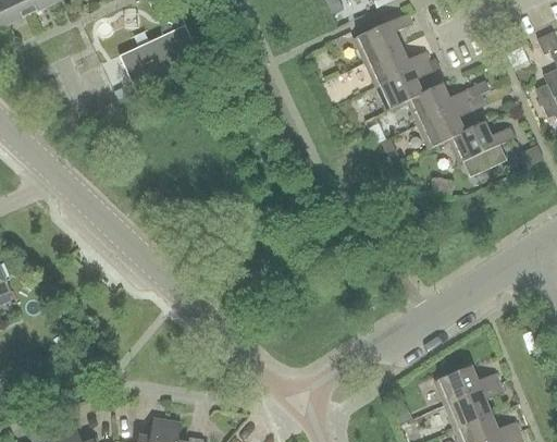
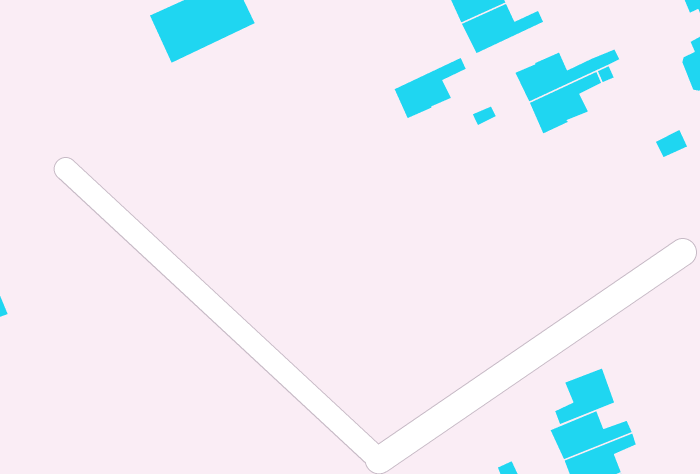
building: [376,61,434,110] -> [393,57,467,119]
building: [448,122,512,175] -> none
building: none -> [554,367,615,425]

